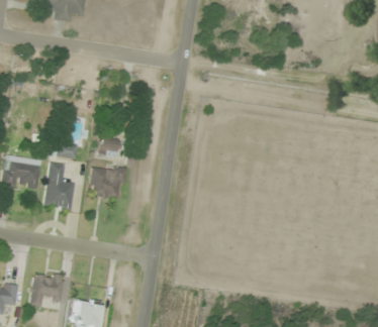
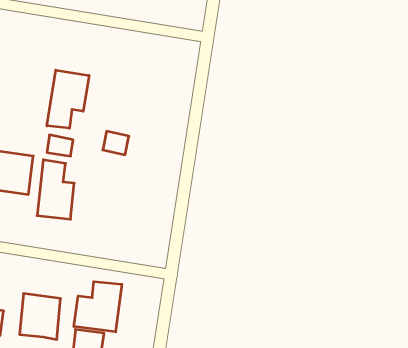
building: none -> [47,70,89,128]
building: [90,167,123,195] -> none
building: none -> [74,282,122,332]

